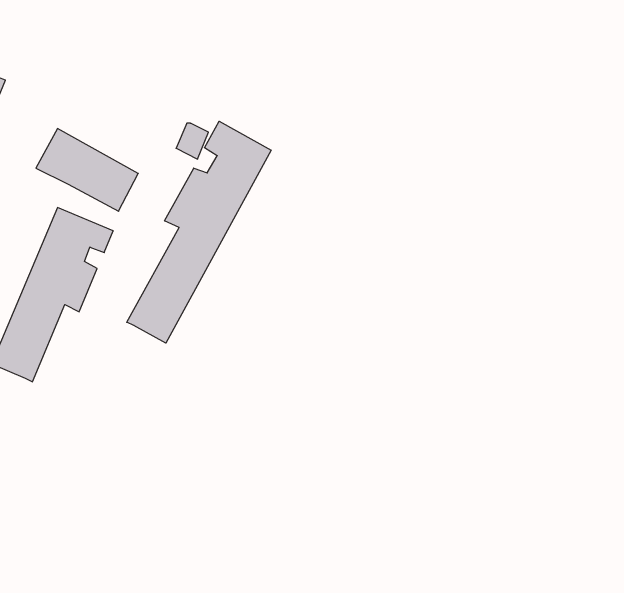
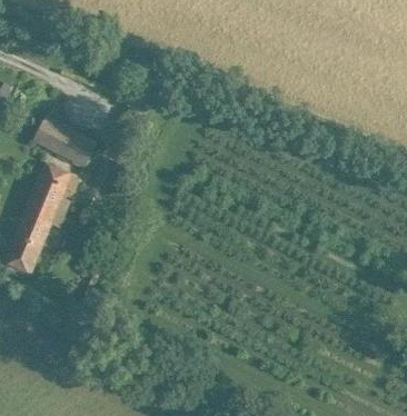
building: [127,121,271,343] -> none

